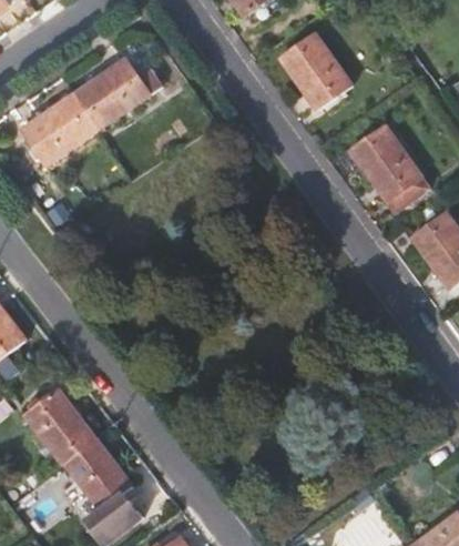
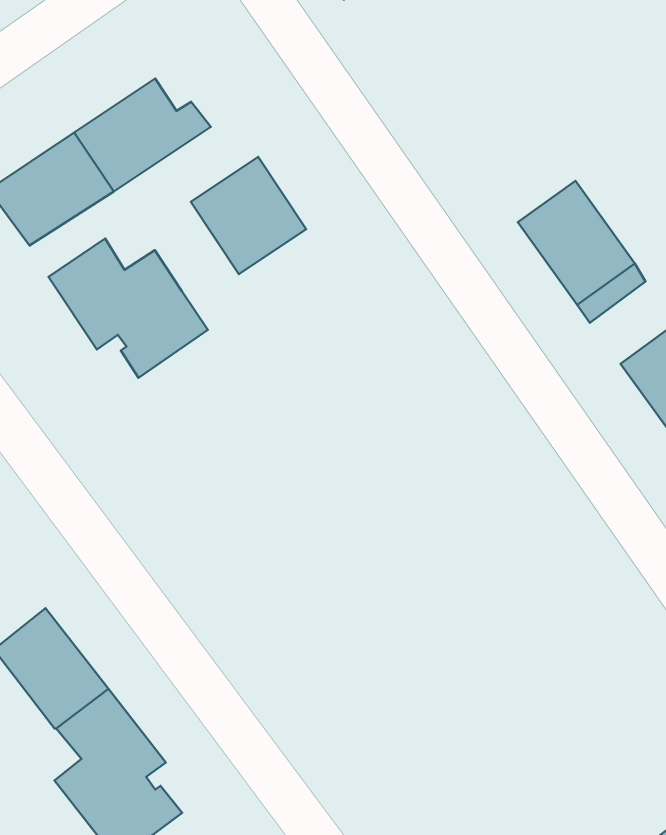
building: [278,32,350,109] -> none
building: none -> [191,157,306,274]
building: none -> [49,238,208,378]

